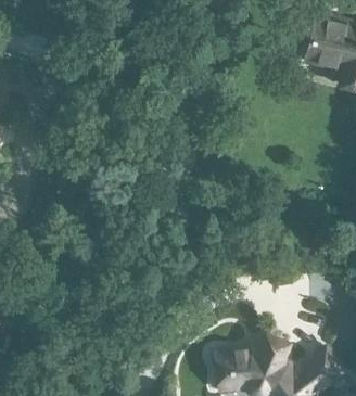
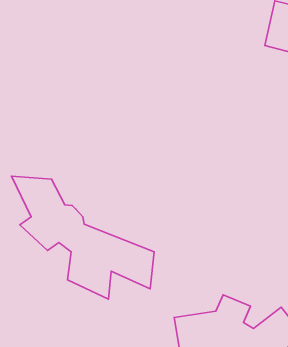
building: none -> [11,176,154,299]

